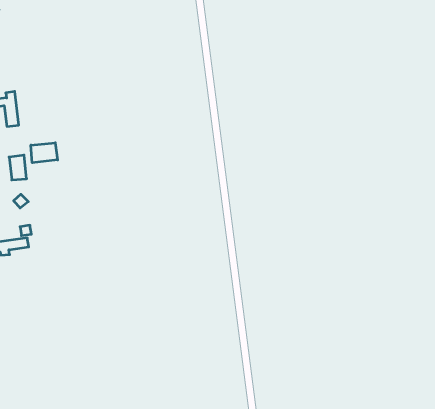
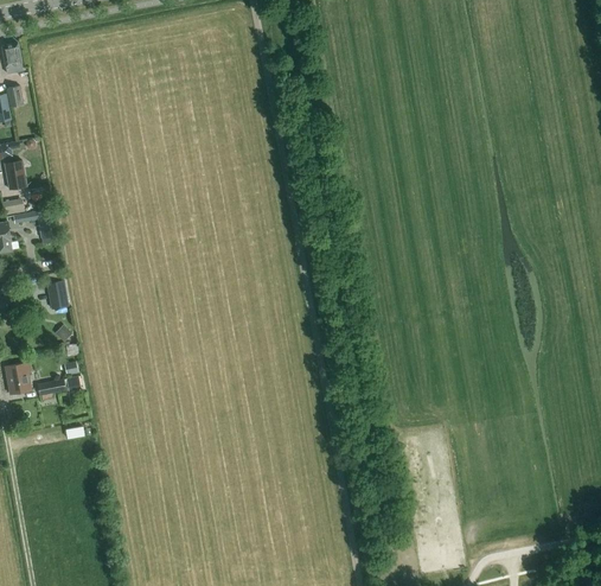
building: [31,143,58,163] -> none

